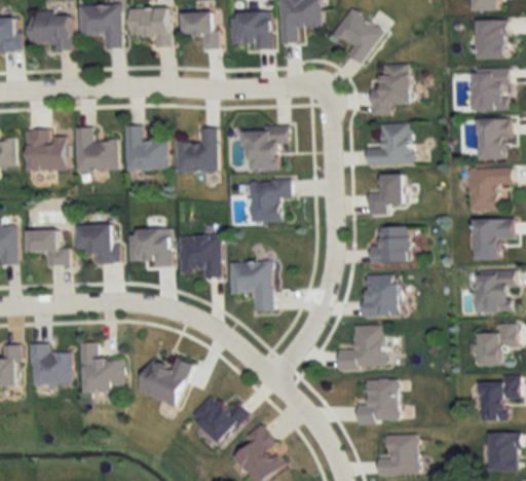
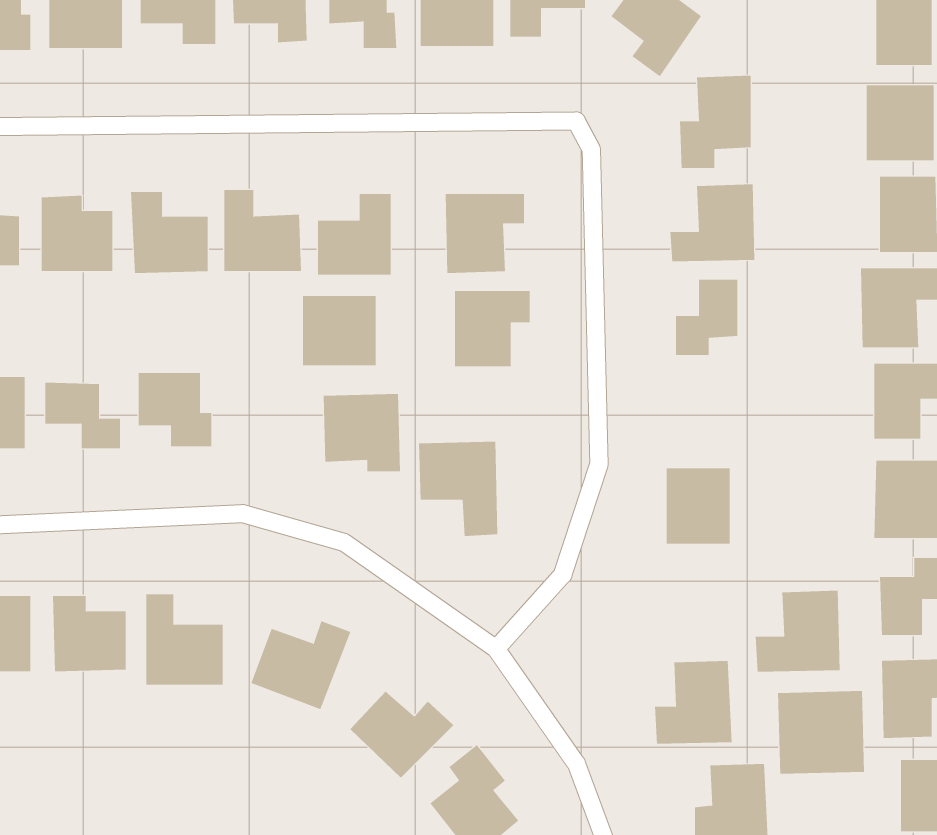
building: [370,227,409,263] -> none
building: [129,229,170,267] -> [302,295,377,366]
building: [338,326,384,370] -> [755,590,841,672]
building: none -> [778,690,865,775]

